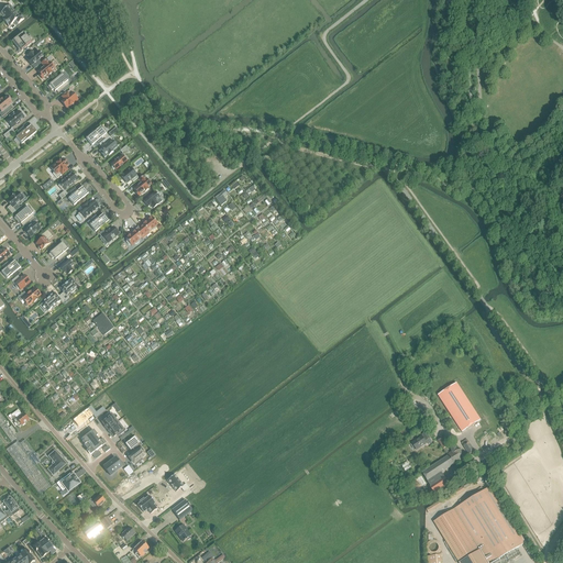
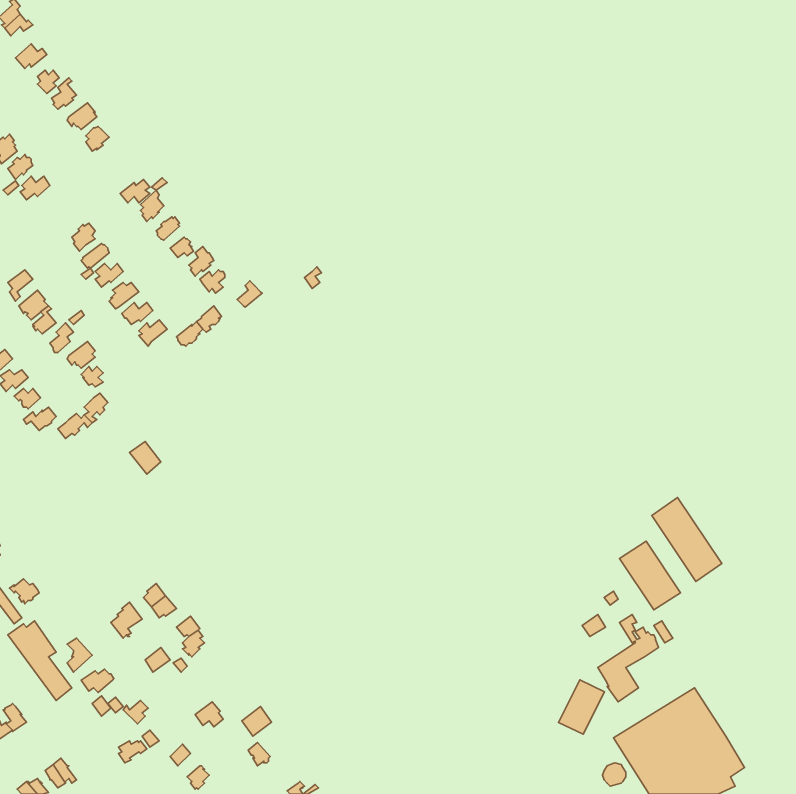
building: none -> [652,498,722,581]
building: none -> [558,680,604,734]

